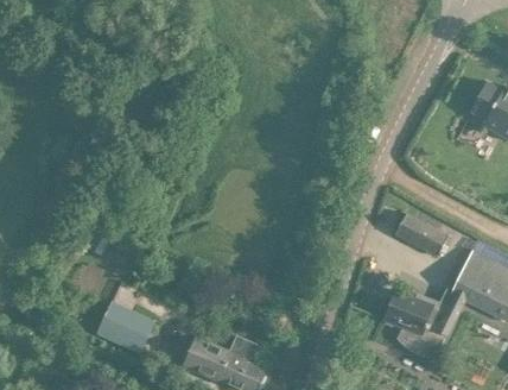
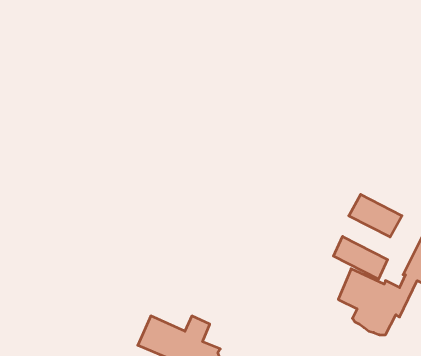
building: none -> [333,236,388,279]
building: [96,302,154,353] -> none

